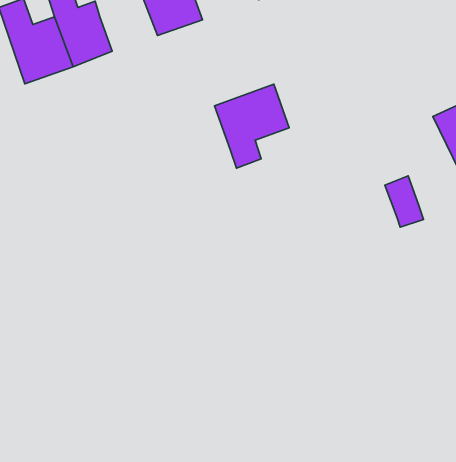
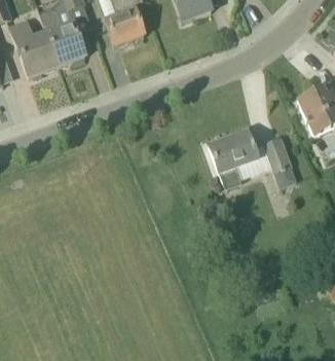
building: [215,84,289,168] -> [209,129,258,184]

